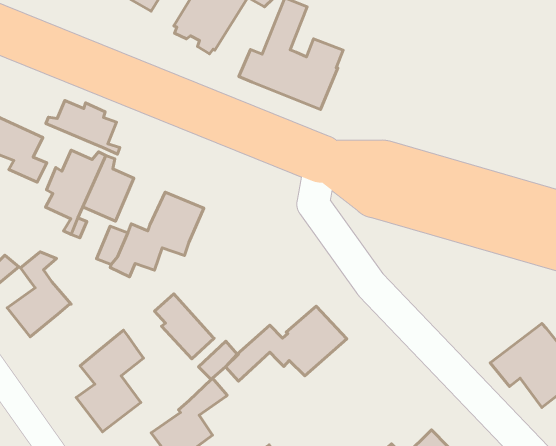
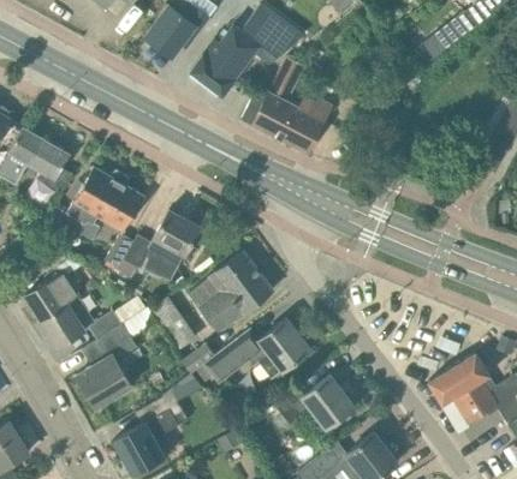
building: [46,101,120,154] -> none
building: none -> [190,252,273,330]
building: none -> [42,298,121,348]
building: none -> [272,377,353,427]

